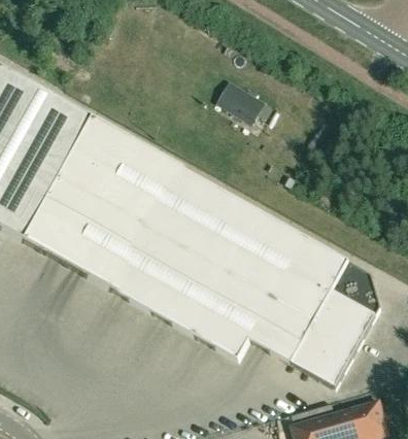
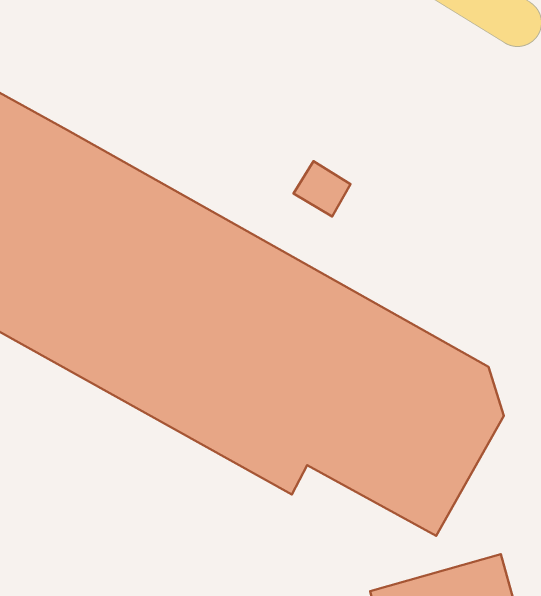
building: [226,85,264,122] -> [294,161,350,217]

